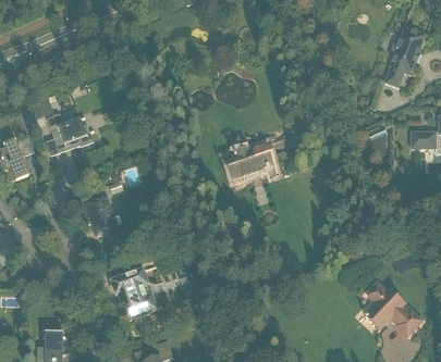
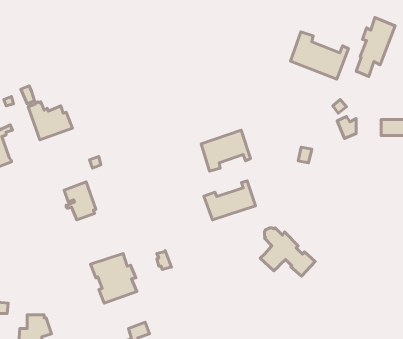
building: none -> [291,32,349,79]
building: none -> [204,181,256,220]
building: [365,285,421,335] -> [260,228,315,276]

